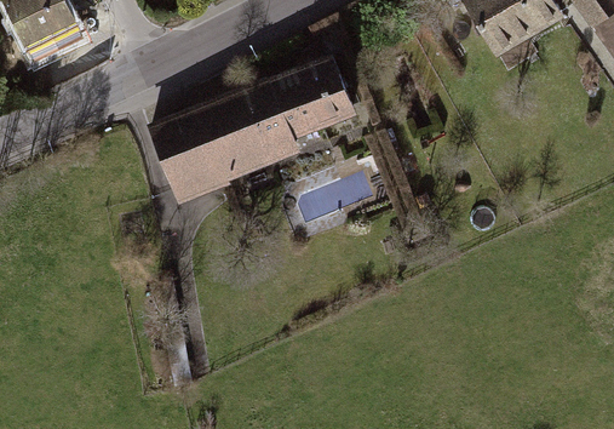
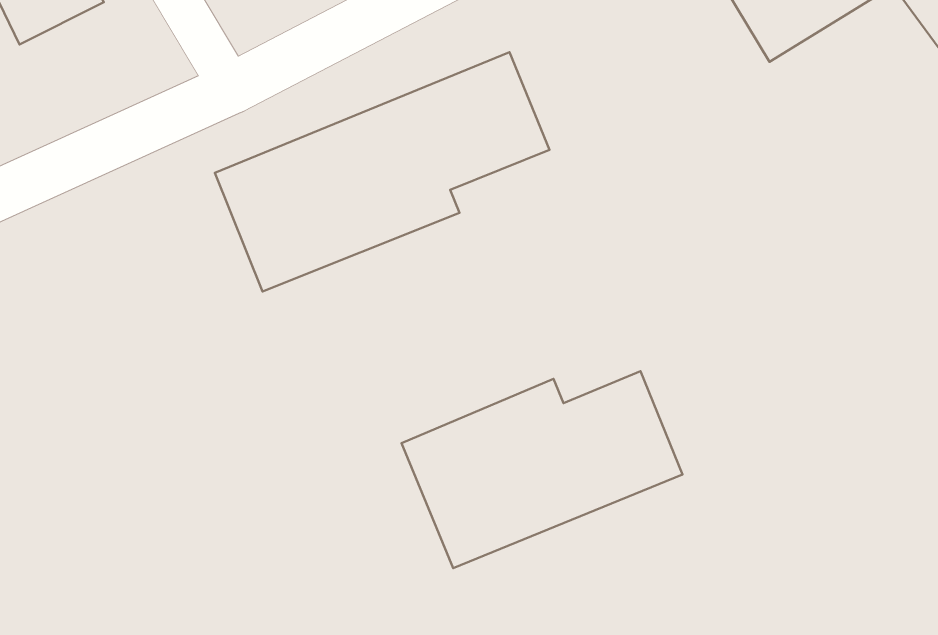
building: none -> [402,371,682,568]

